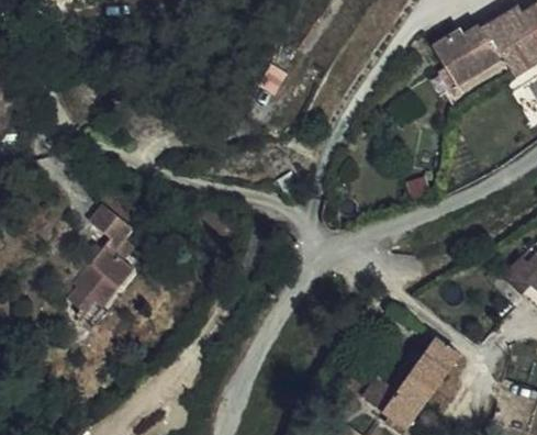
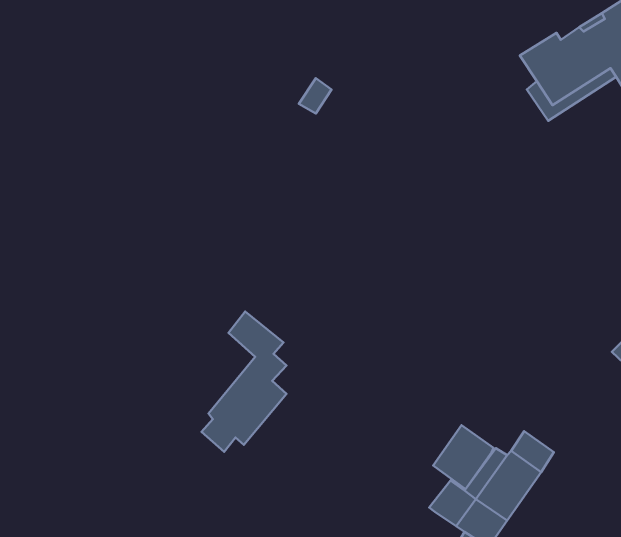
building: [69,204,135,313] -> [201,311,286,452]
building: none -> [433,425,493,489]

